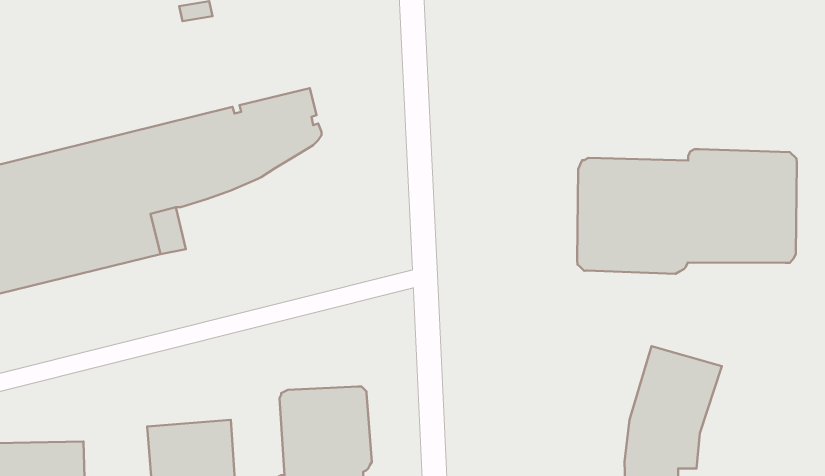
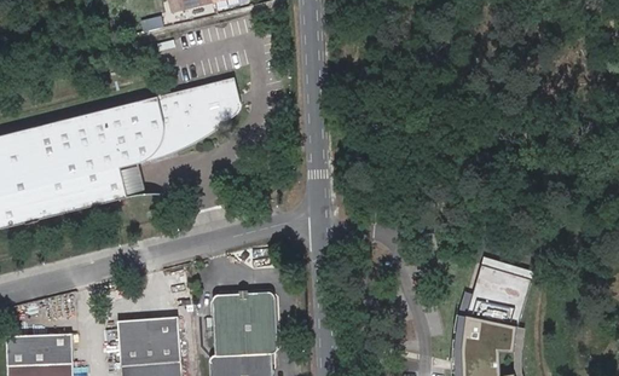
building: [577,149,797,274] -> none

